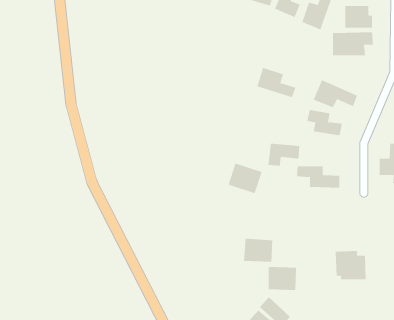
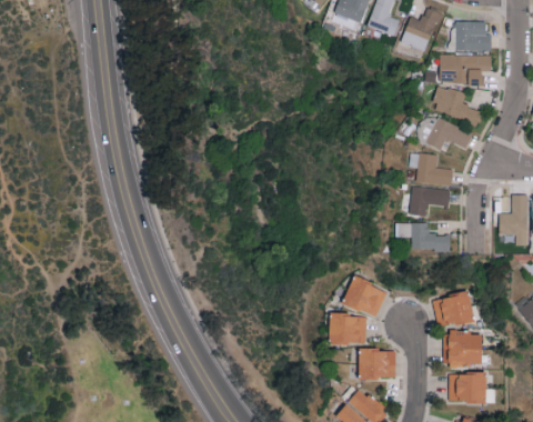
building: [256,67,296,98] -> [431,86,481,124]
building: [267,143,300,166] -> [409,187,450,215]
building: [228,163,262,194] -> [343,278,386,316]
building: none -> [433,292,474,329]
building: none -> [449,373,485,403]

